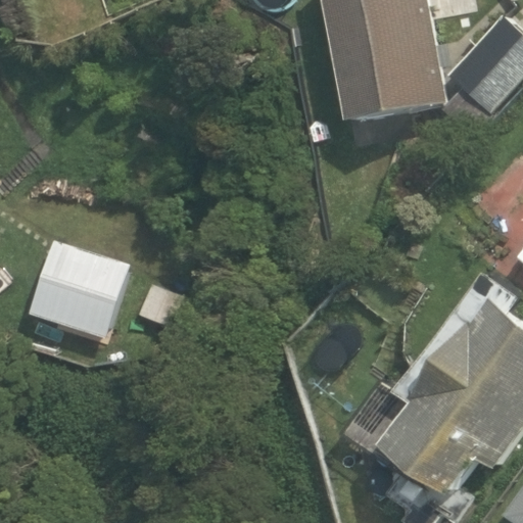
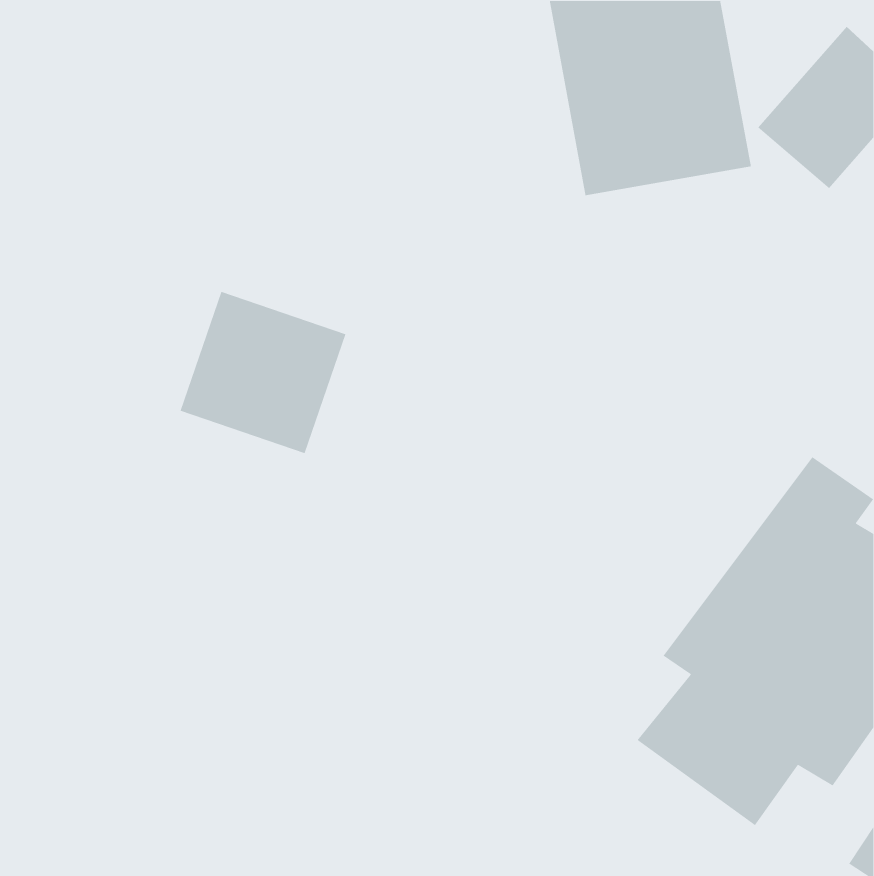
building: [31,242,130,339] -> [179,291,346,454]

